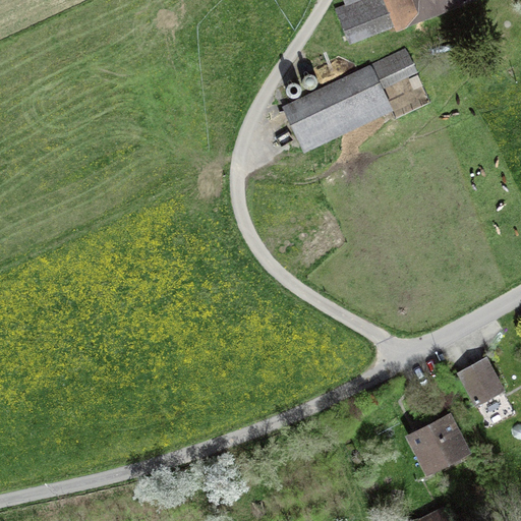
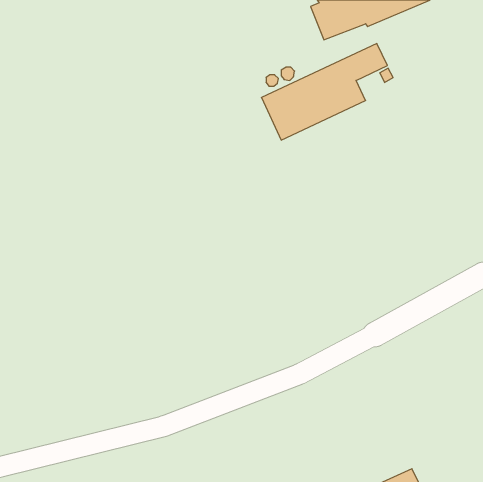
building: [456,356,505,415] -> none
building: [404,410,471,474] -> none

